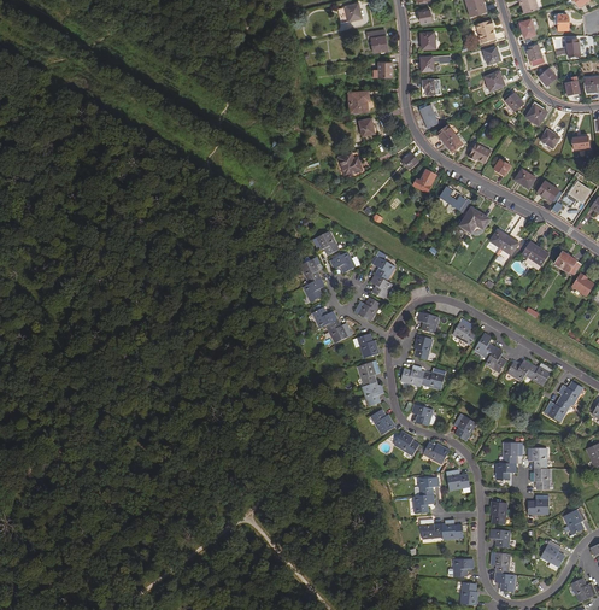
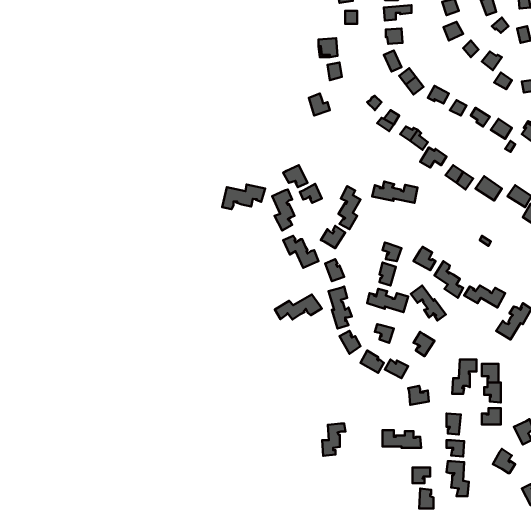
building: none -> [372,181,418,203]
building: none -> [222,185,265,209]
building: none -> [411,285,446,320]
building: none -> [275,294,322,319]
building: [411,476,436,511] -> [322,424,345,456]

